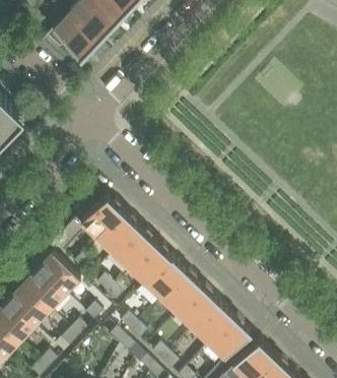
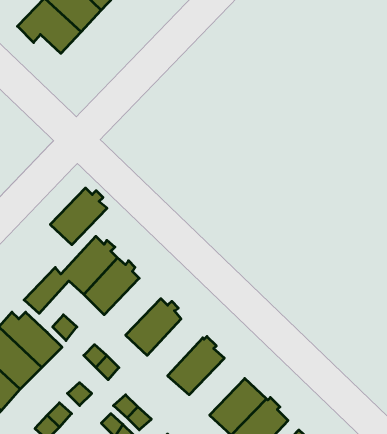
building: [112,229,154,271] -> [50,188,107,245]
building: [144,259,186,302] -> none
building: [176,288,217,331] -> none

